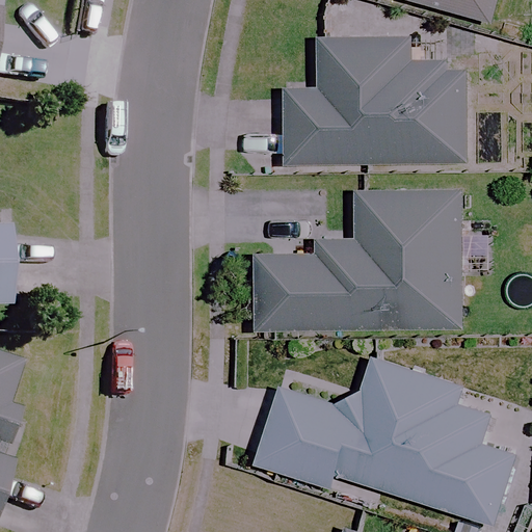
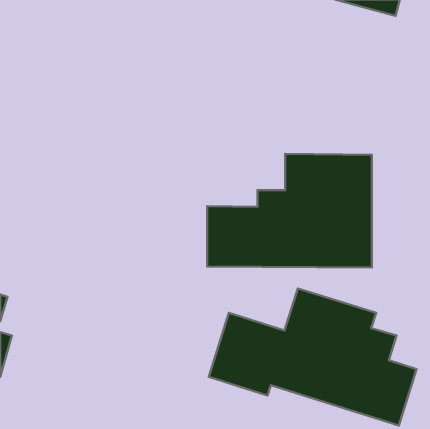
building: [281,36,464,166] -> none

